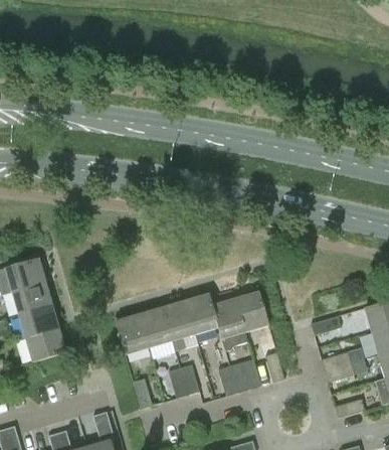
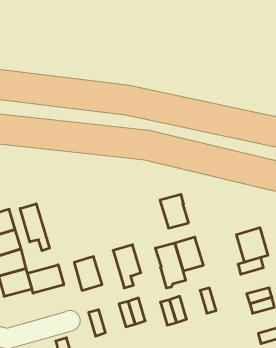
building: none -> [20,204,50,251]
building: none -> [236,228,268,262]
building: [185,293,219,333] -> [160,194,189,228]
building: [139,307,172,347] -> none
building: none -> [28,265,64,293]

